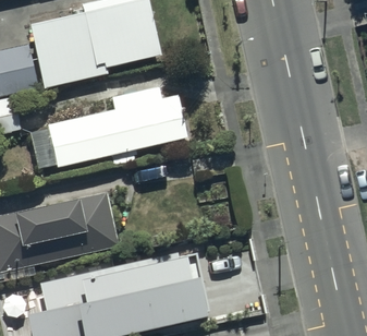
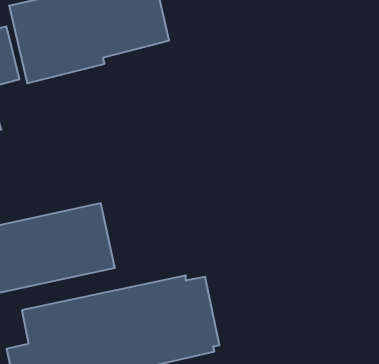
building: [45,84,188,167] -> none

